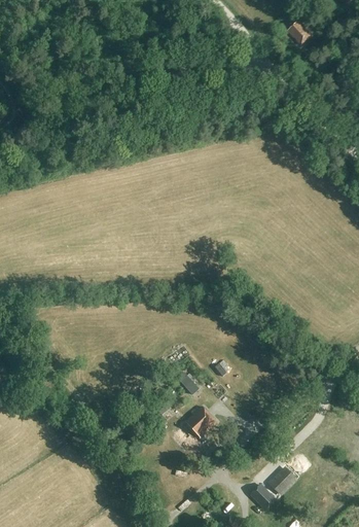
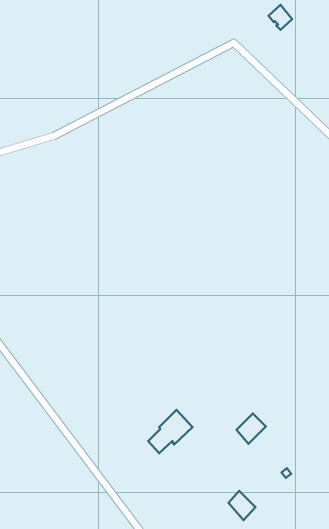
building: [270,466,297,495] -> [236,414,266,444]

